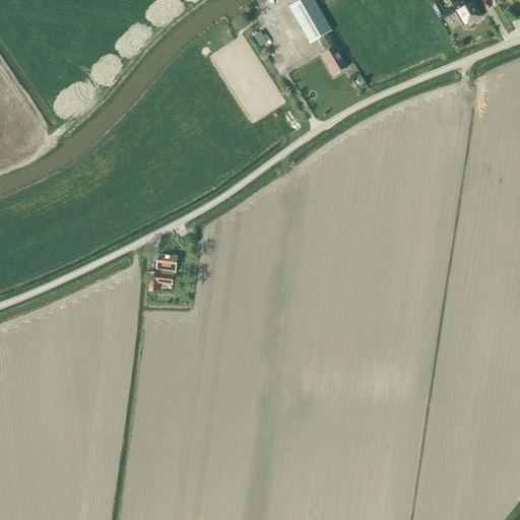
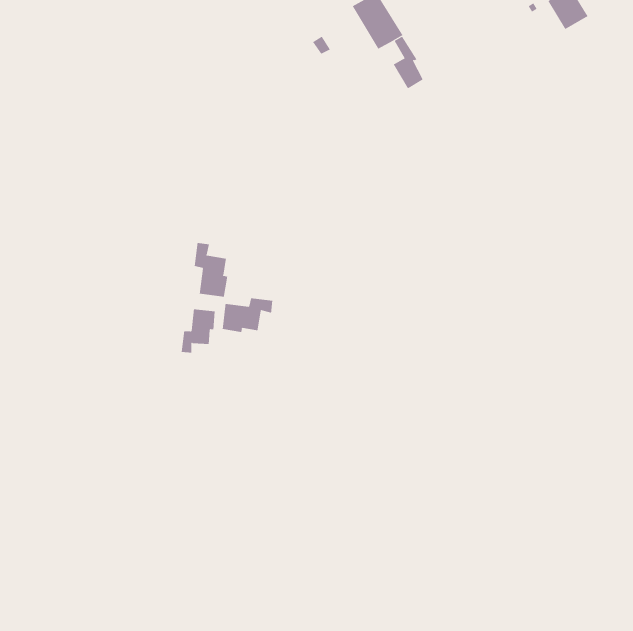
building: none -> [194,242,228,297]
building: none -> [222,298,273,333]

